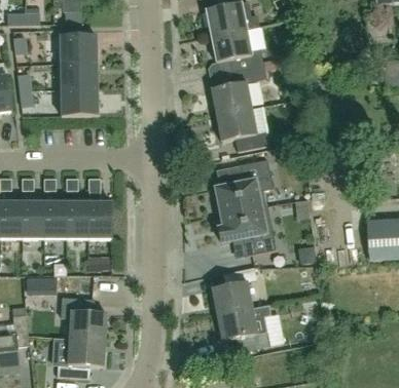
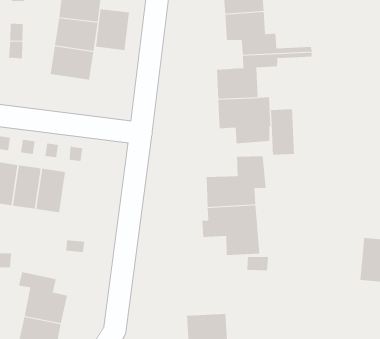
building: none -> [96,8,129,51]
building: none -> [271,109,295,155]
building: [88,201,111,239] -> none
building: [211,266,256,315] -> none

